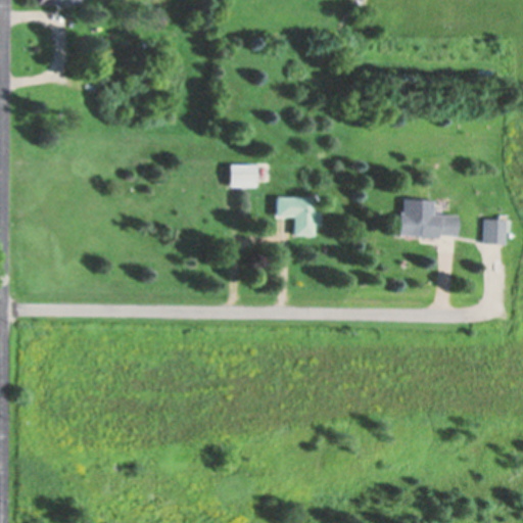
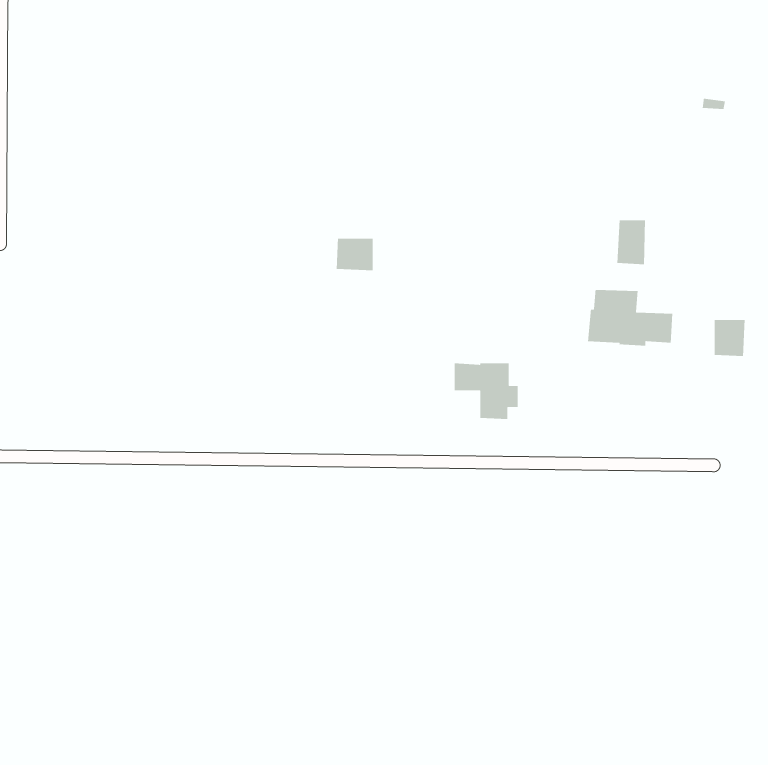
building: none -> [617,220,646,265]
building: [276,197,320,236] -> [454,363,519,420]

